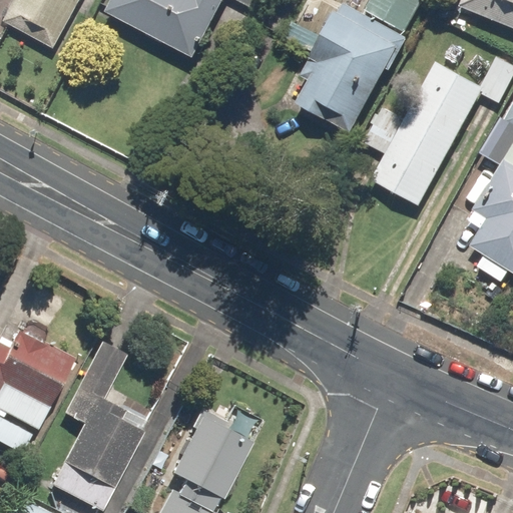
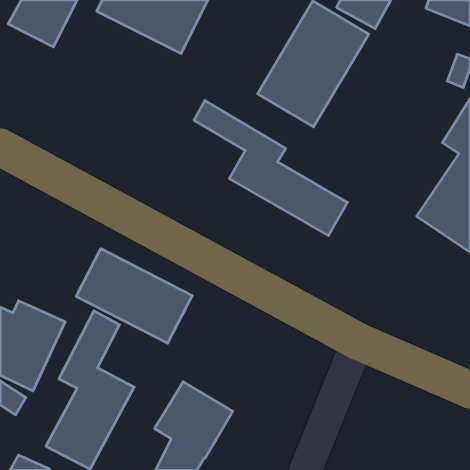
building: [375,63,482,199] -> none
building: none -> [194,100,348,236]
building: none -> [76,249,192,343]

